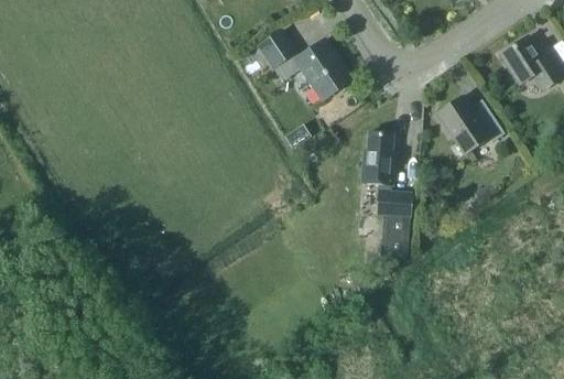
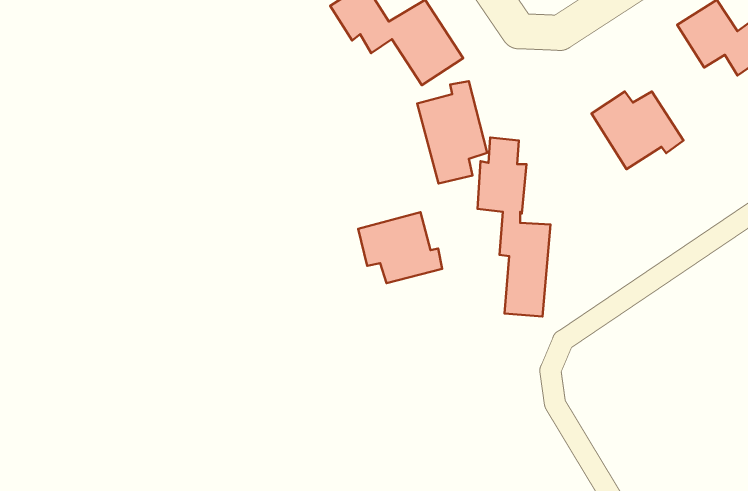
building: none -> [417,81,487,184]
building: none -> [358,212,442,283]

